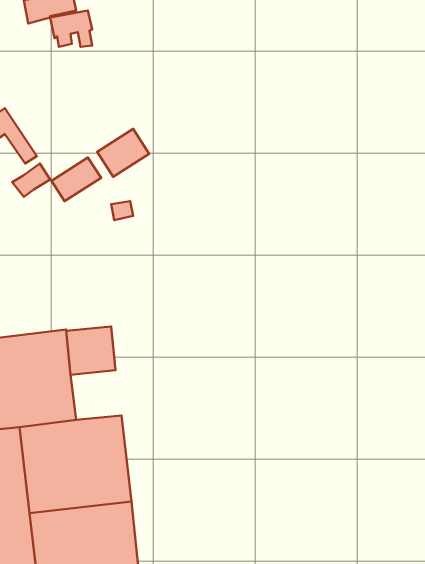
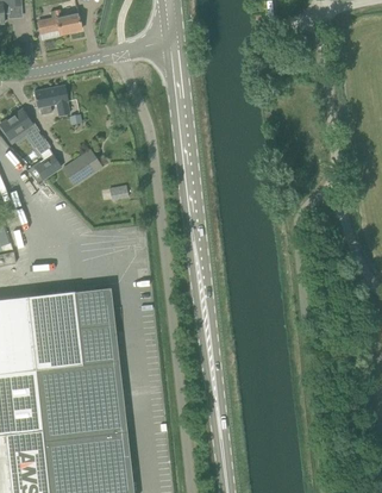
building: [50,10,92,47] -> [33,86,68,116]
building: [97,129,149,177] -> none
building: none -> [76,324,118,364]

